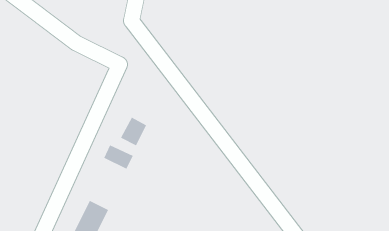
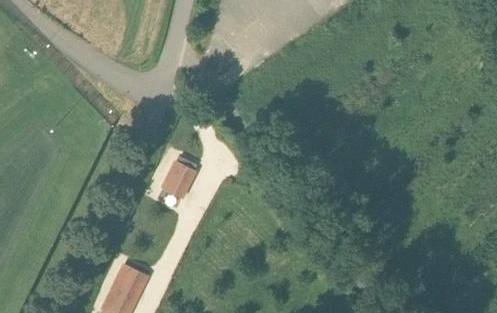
building: [103,145,133,170] -> none

